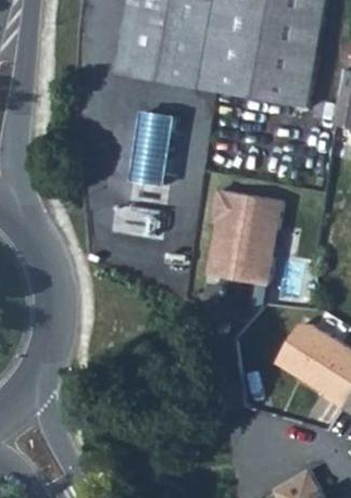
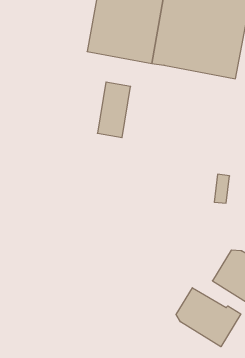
building: [210,190,280,284] -> none
building: none -> [176,288,241,347]

